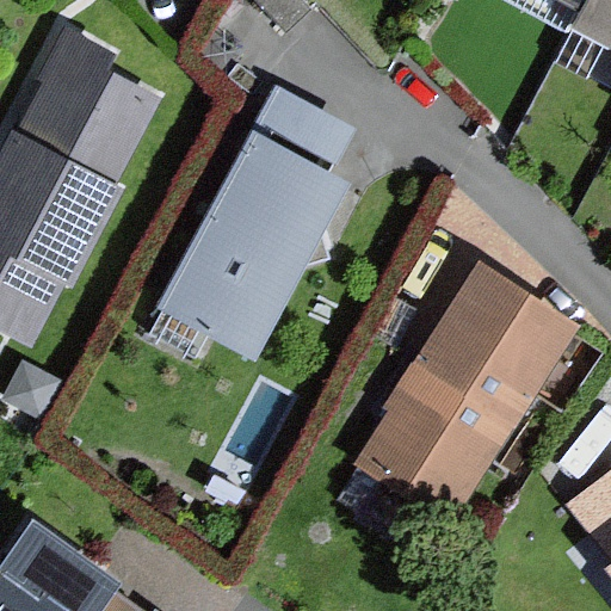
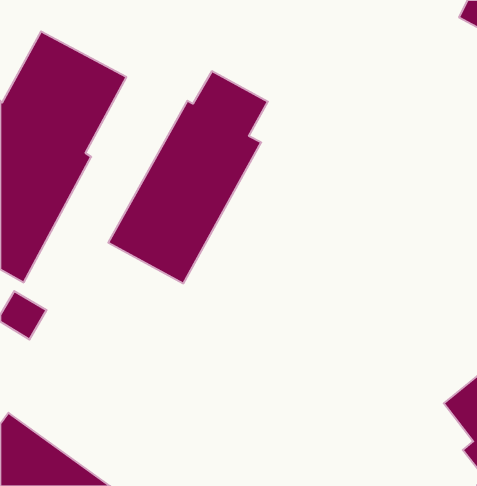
building: [350,265,573,531] -> none

